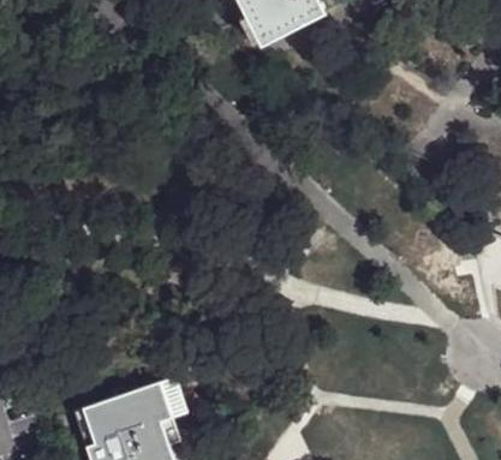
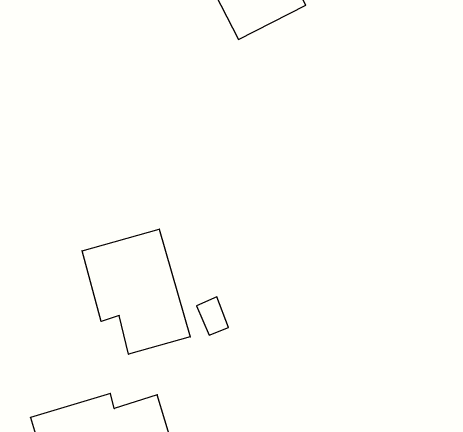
building: none -> [82,229,190,354]

